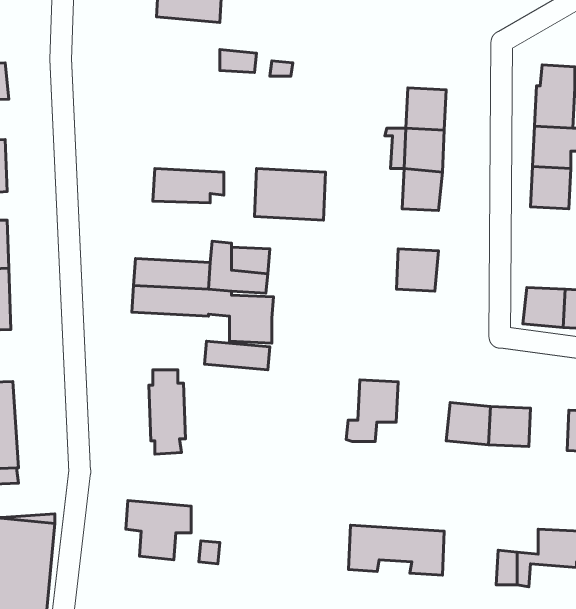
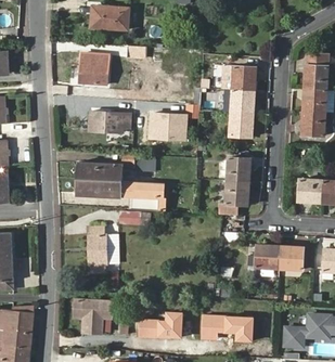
building: none -> [80,54,107,83]
building: [346,380,398,441] -> [219,180,248,215]
building: none -> [137,310,182,339]

